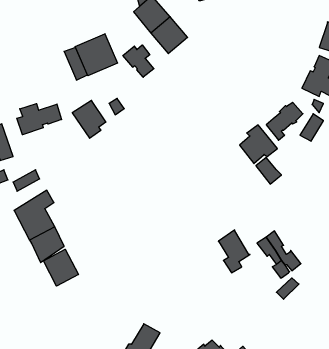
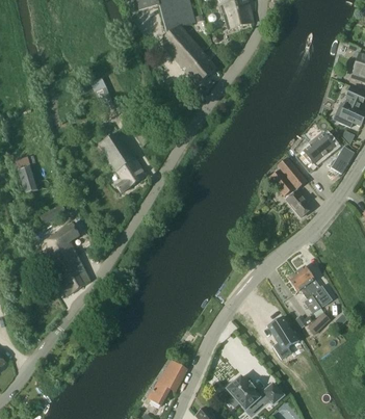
building: [75,34,118,76] -> none
building: [123,45,154,77] -> none
building: [17,104,62,135] -> none
building: none -> [116,153,147,191]
building: [218,230,250,273] -> [267,314,299,358]
building: [43,249,78,286] -> none

